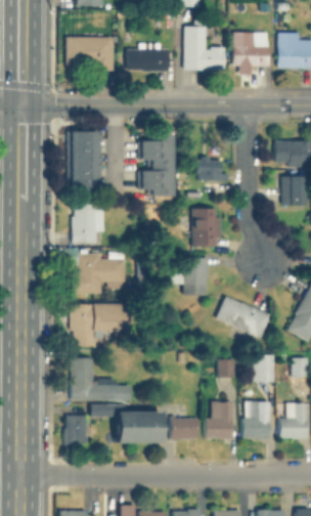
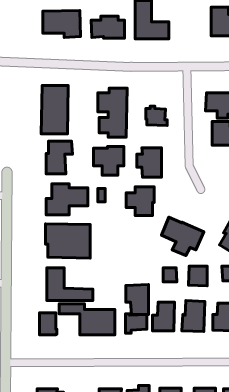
building: [234,33,270,68] -> none
building: none -> [94,146,124,175]
building: none -> [126,285,149,314]

